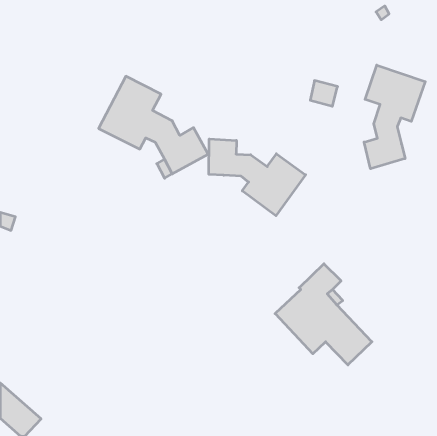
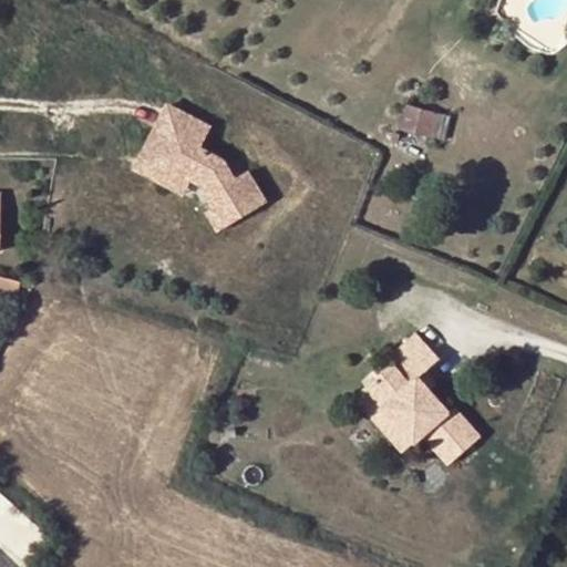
building: [364,65,425,169] -> none
building: [209,139,306,216] -> none

